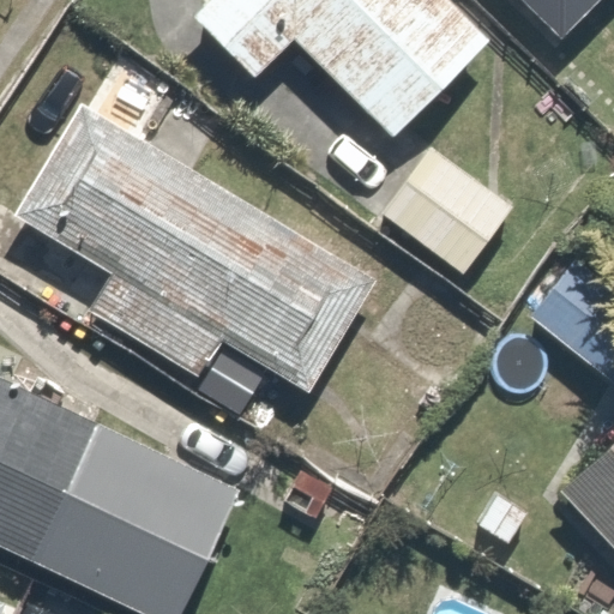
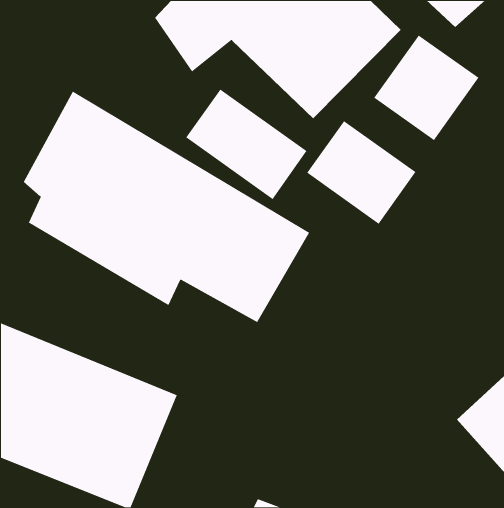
building: none -> [373,34,480,141]
building: none -> [185,88,308,200]

